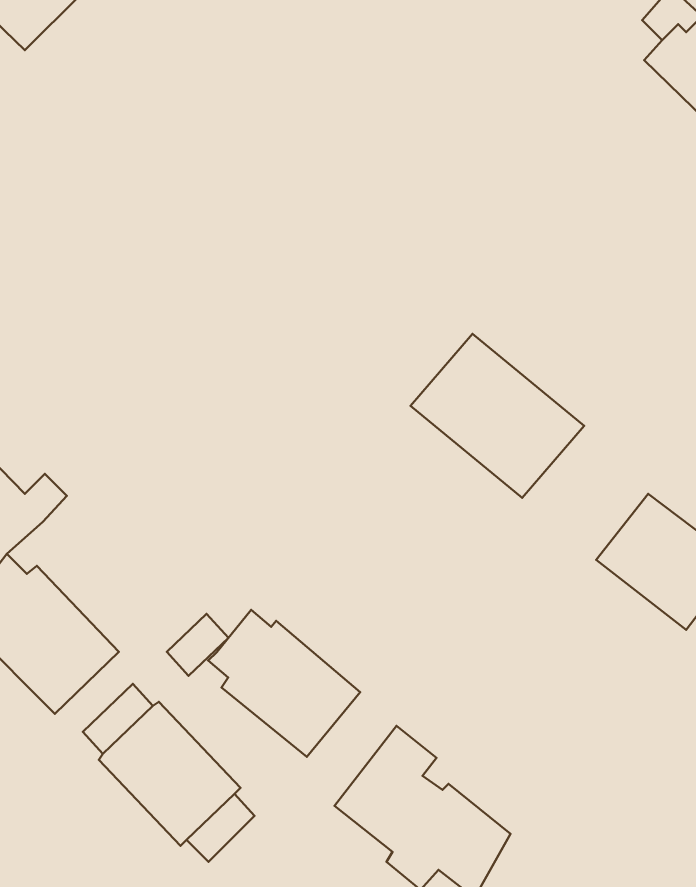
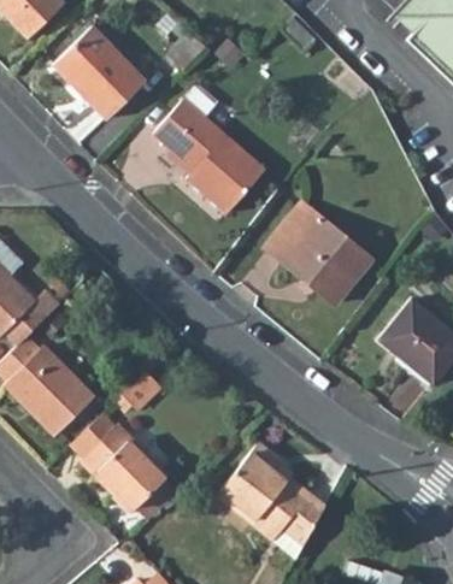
building: none -> [59,24,151,116]
building: none -> [160,98,267,211]
building: [208,610,360,757] -> none

